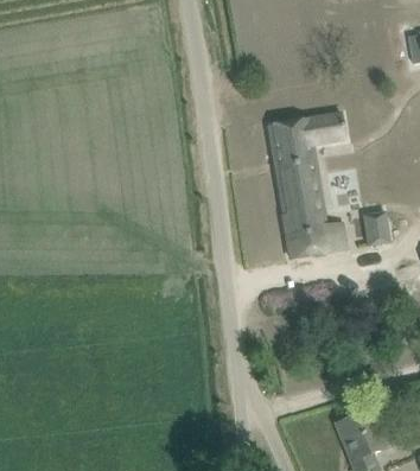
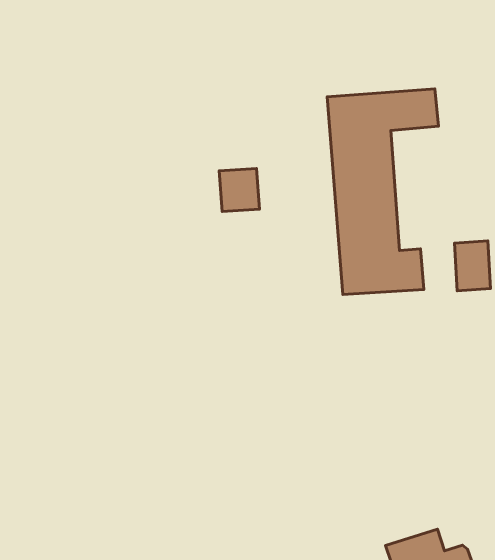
building: none -> [219,168,260,212]

